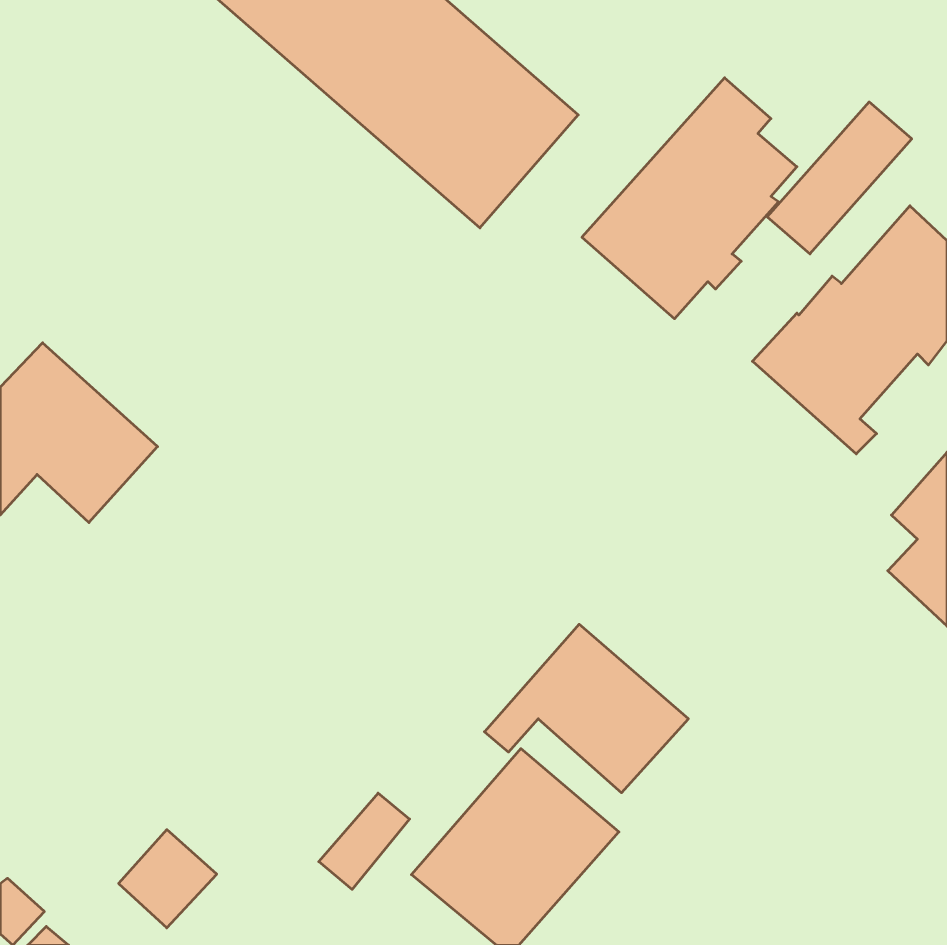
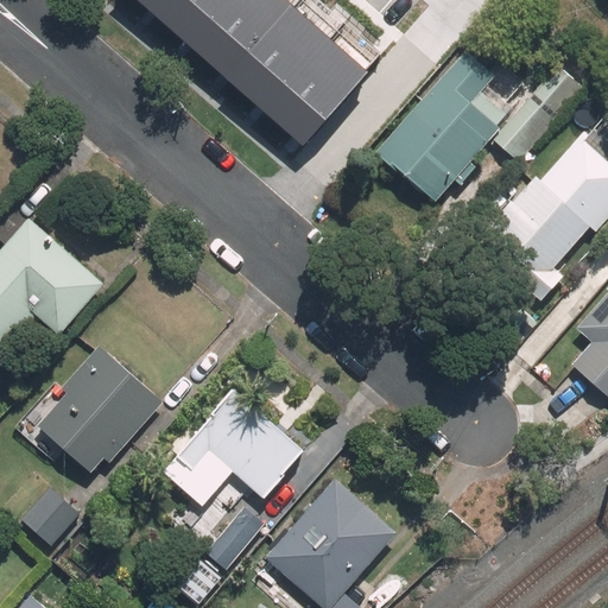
building: none -> [34,344,162,475]
building: [484,624,688,793] -> [173,388,304,496]
building: [119,830,217,928] -> [19,486,82,549]

